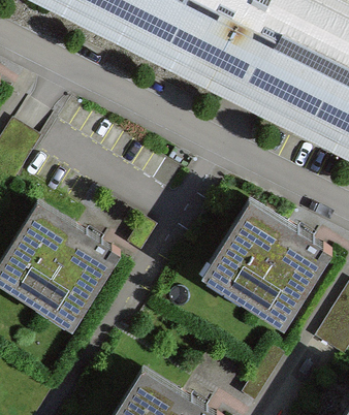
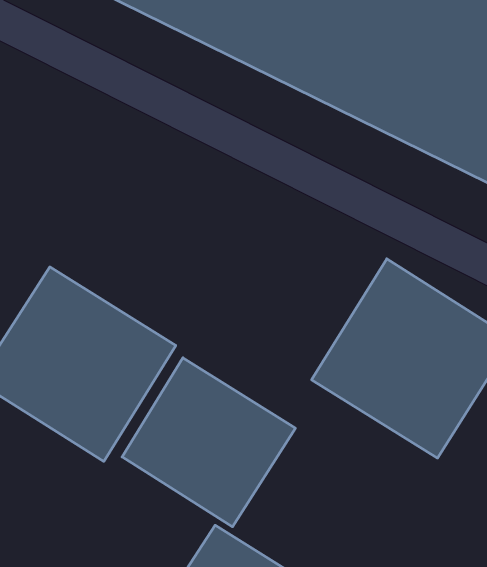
building: none -> [122,358,295,527]

